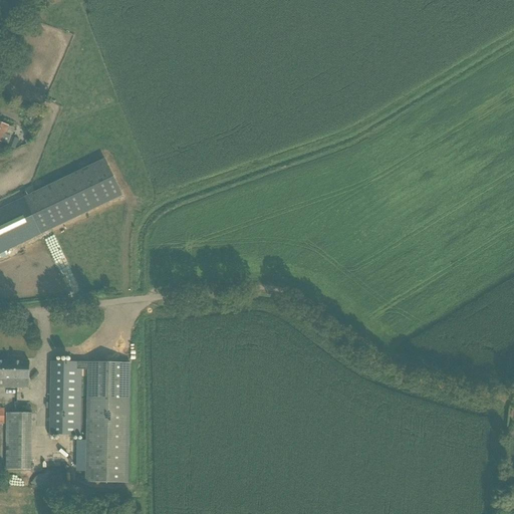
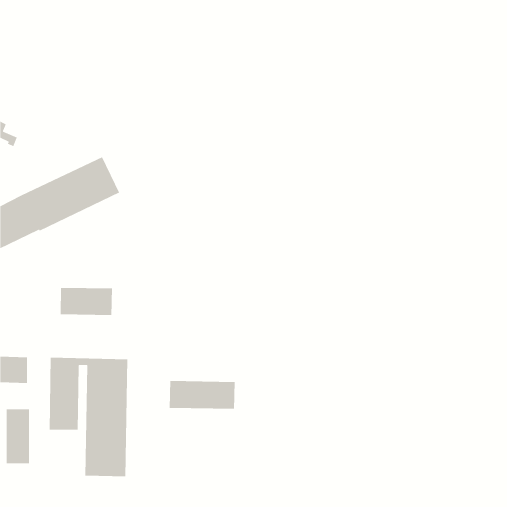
building: none -> [60,287,113,316]
building: none -> [169,380,235,410]

